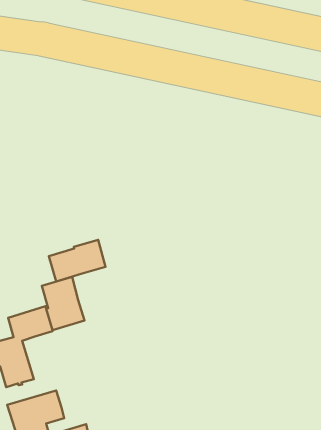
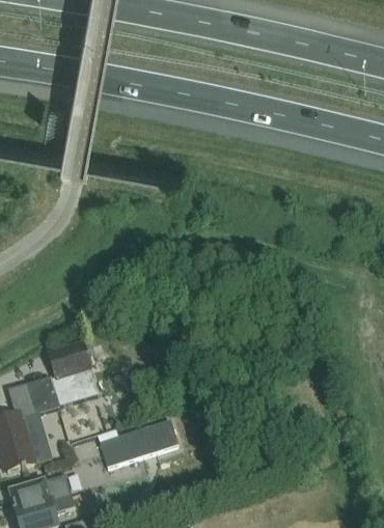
building: [49,240,106,282] -> none
building: none -> [101,420,180,468]

